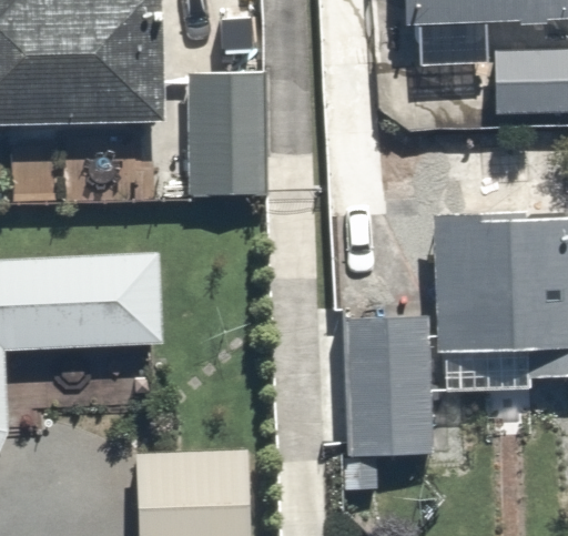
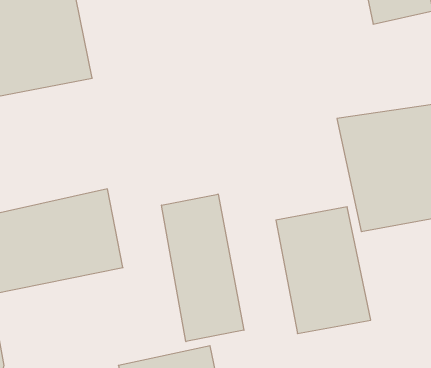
building: [189,72,264,199] -> none
building: none -> [162,194,244,342]

